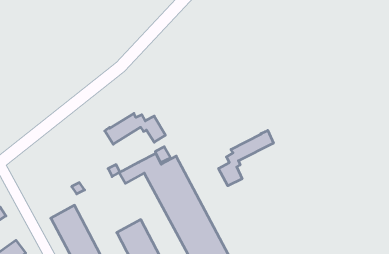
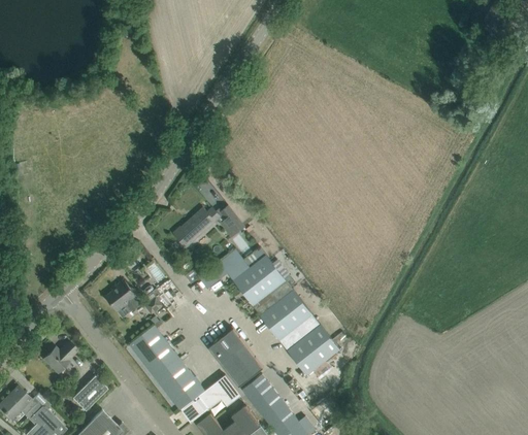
building: [219,130,273,186] -> none
building: none -> [105,280,139,317]

